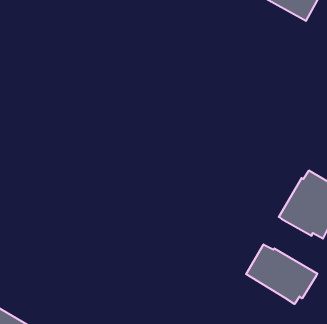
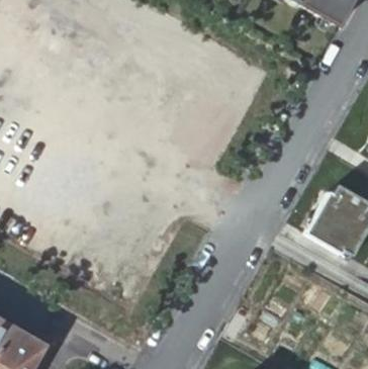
building: [246,244,317,304] -> none

